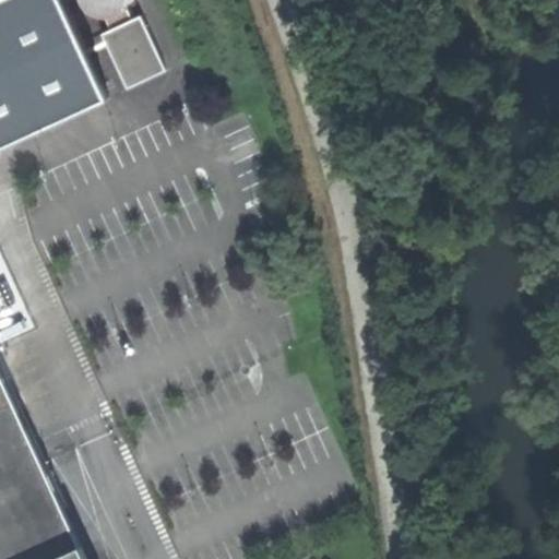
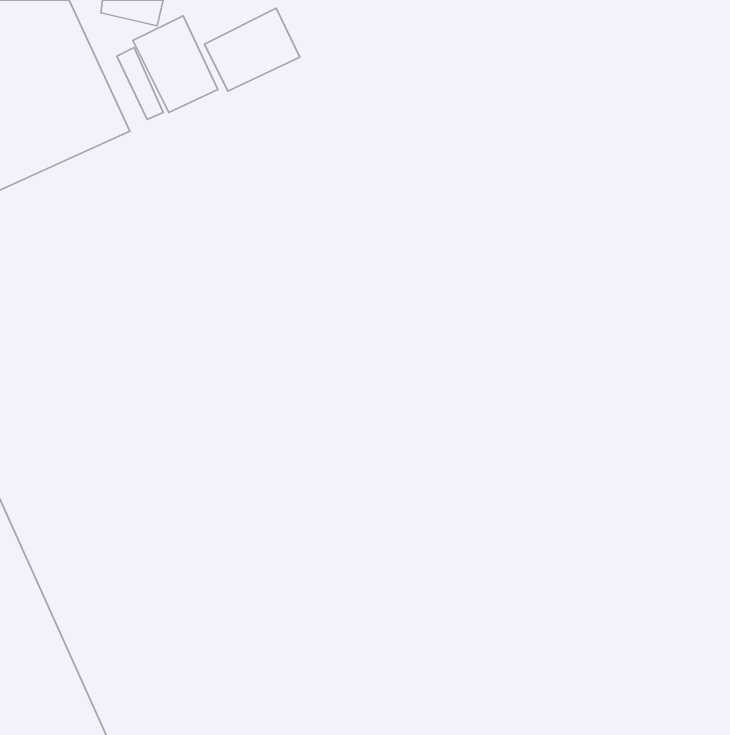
building: none -> [204,8,300,91]

